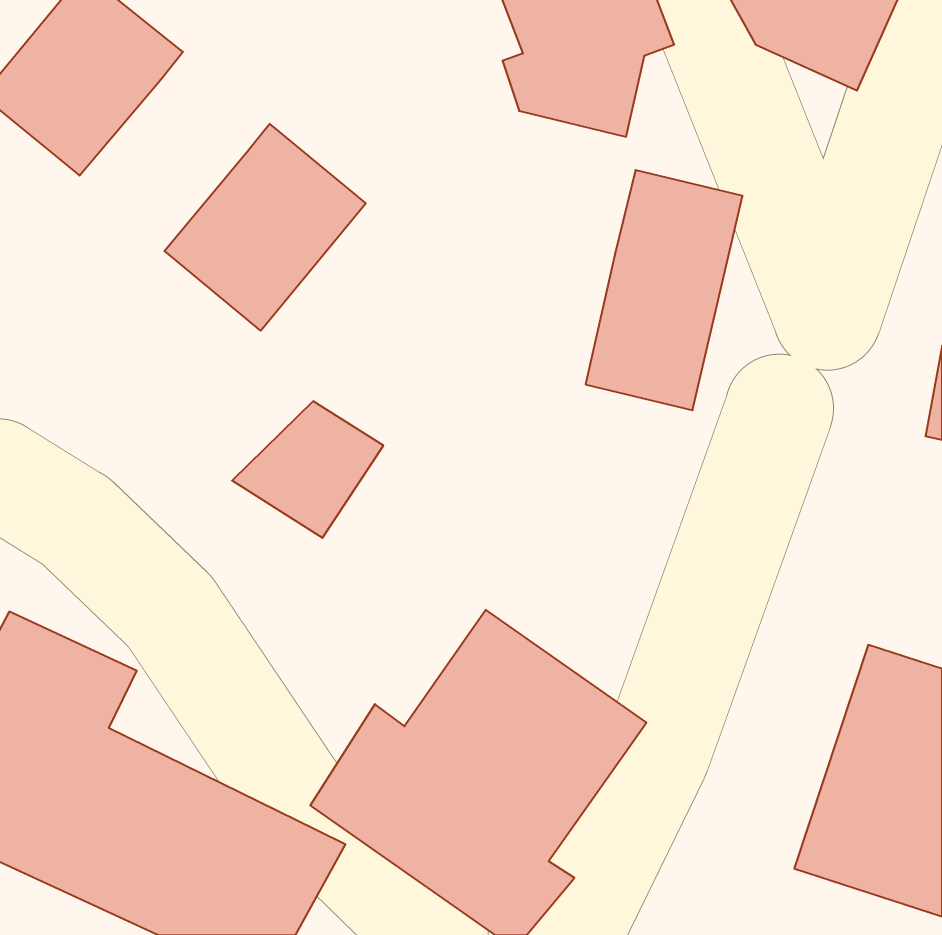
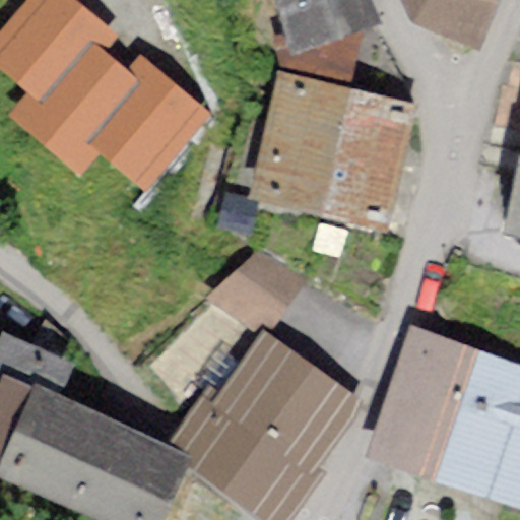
building: none -> [23,44,136,161]
building: none -> [257,79,349,211]
building: [232,401,383,538] -> [213,253,297,328]
building: none -> [372,333,477,477]

